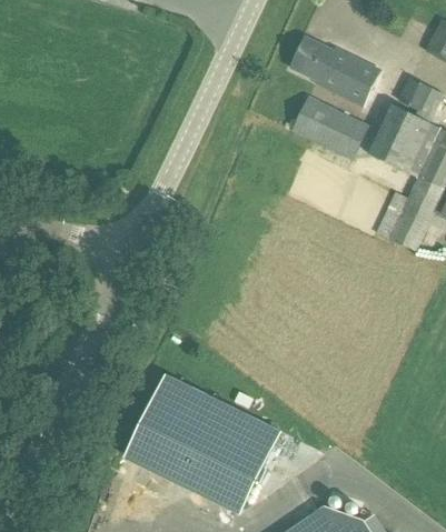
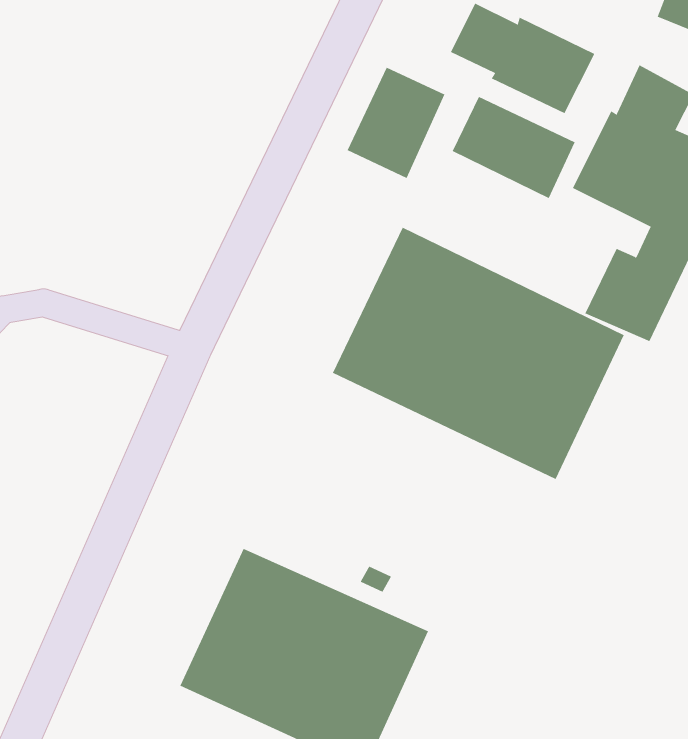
building: none -> [347,67,445,179]
building: none -> [332,227,625,480]

